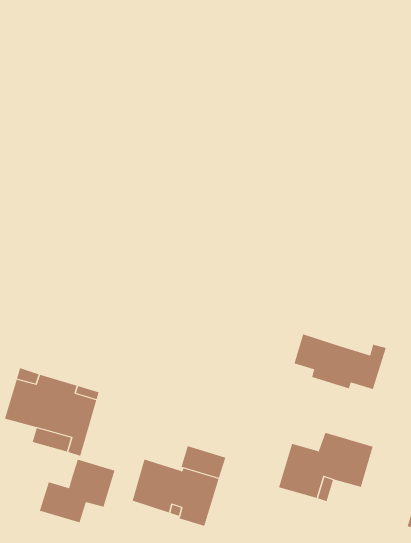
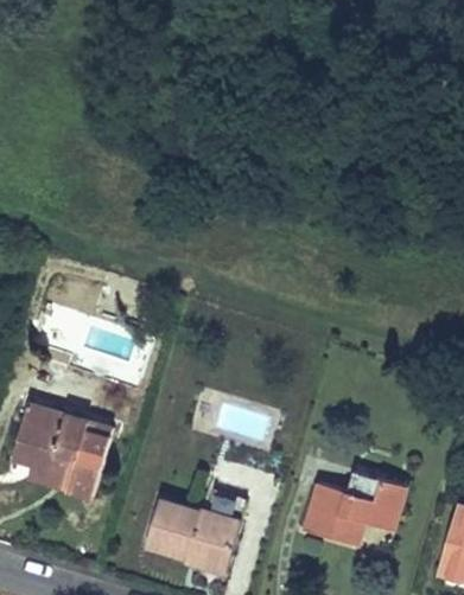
building: [294,334,386,390] -> none
building: [39,459,115,523] -> none

